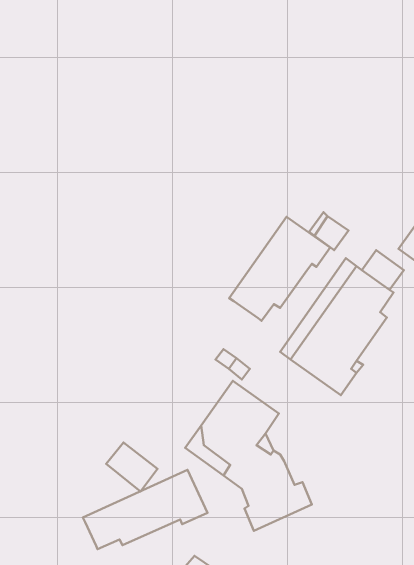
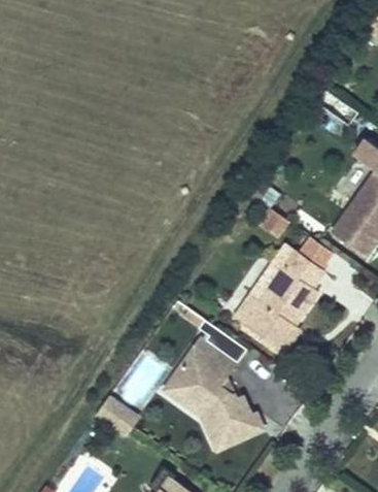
building: [229,217,330,321] -> none
building: [83,470,207,549] -> none

